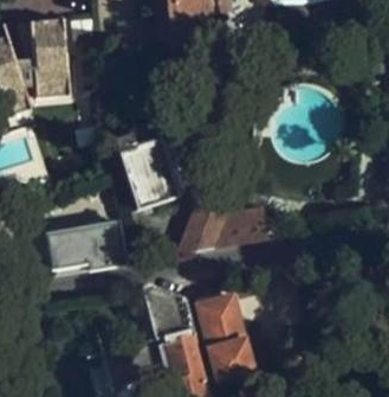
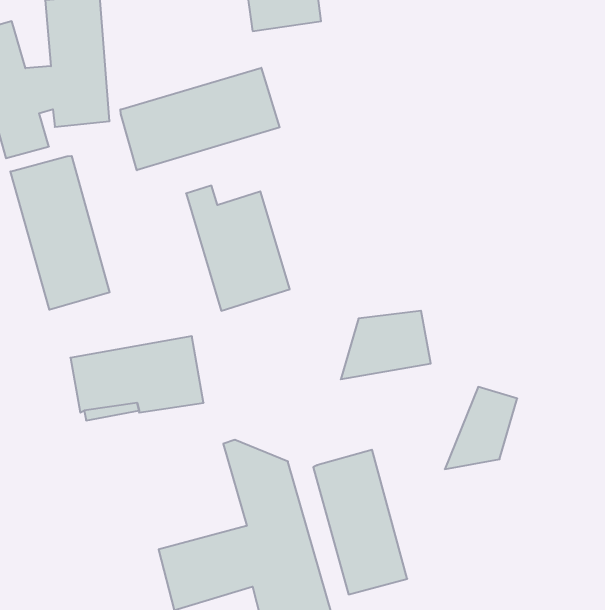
building: none -> [120,68,280,170]
building: none -> [10,156,110,310]
building: [177,205,221,255] -> [445,387,517,469]

